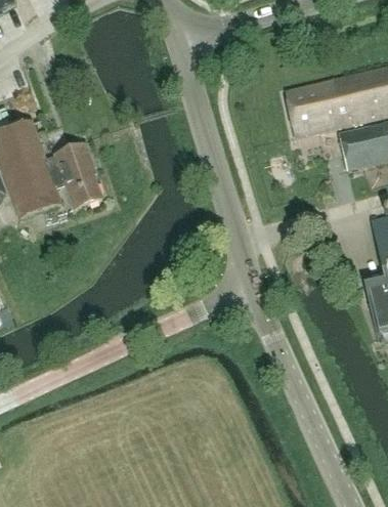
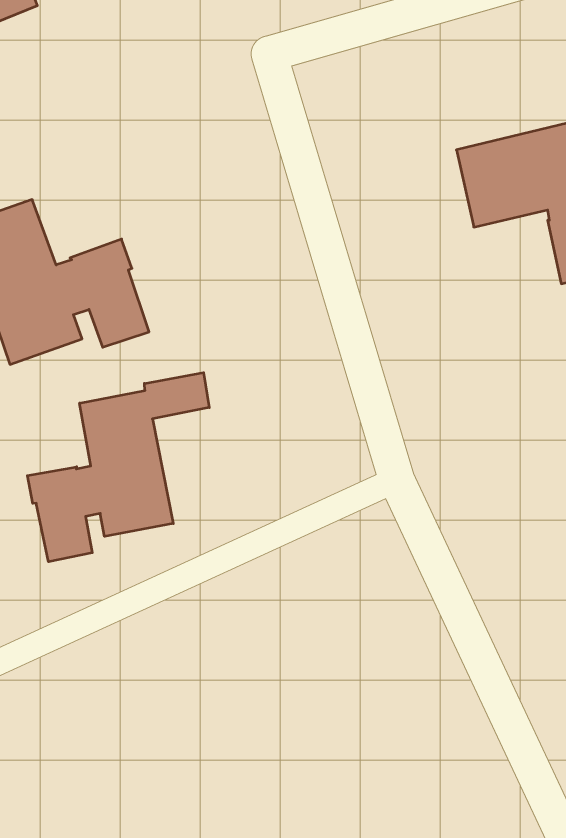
building: none -> [27,373,209,562]

